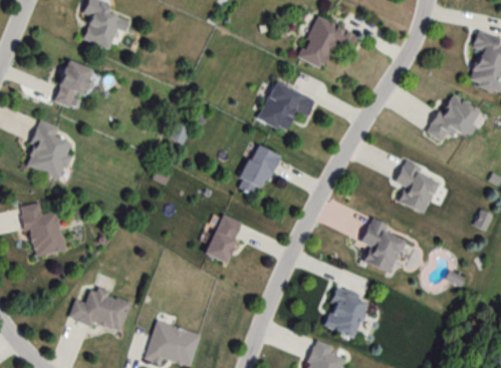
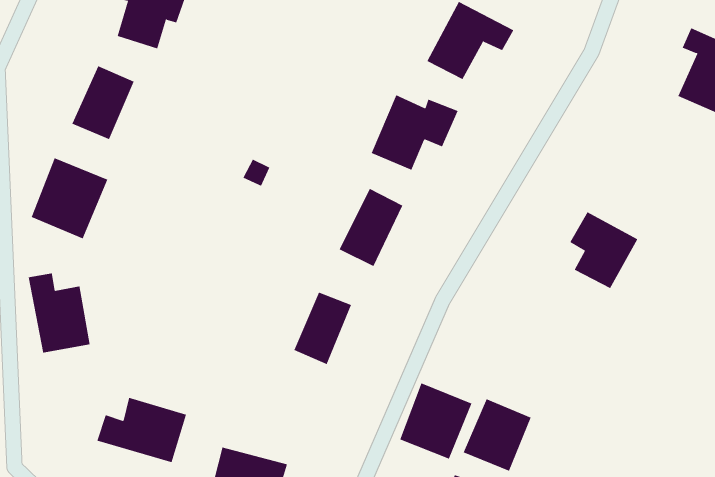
building: [428,92,480,141] -> none
building: [360,218,408,273] -> none
building: none -> [399,383,472,460]

